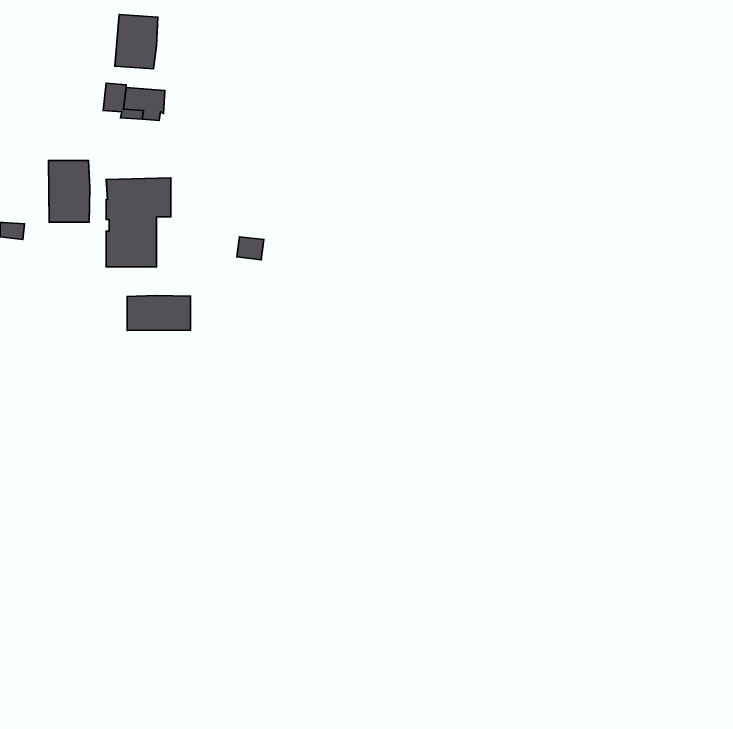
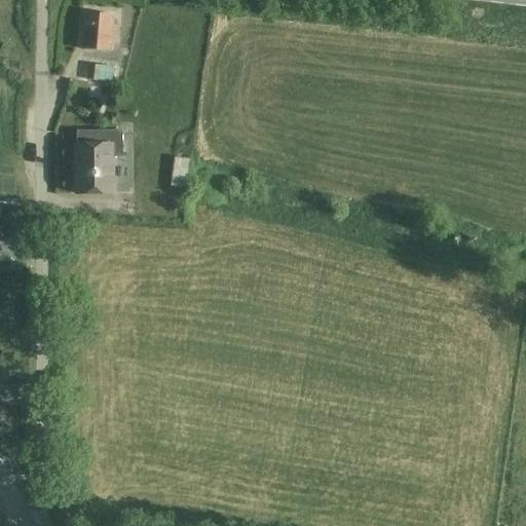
building: [49,160,90,222] -> none
building: [127,296,191,331] -> none

